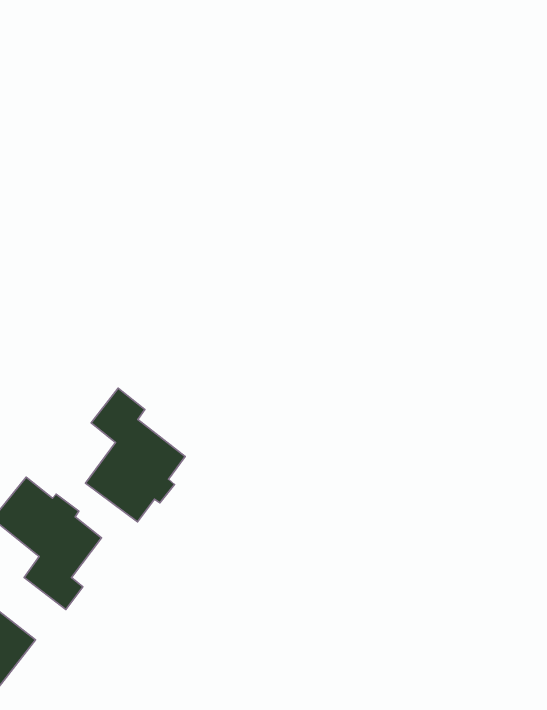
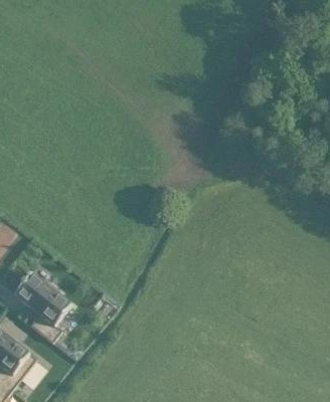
building: [86,388,185,522] -> none

